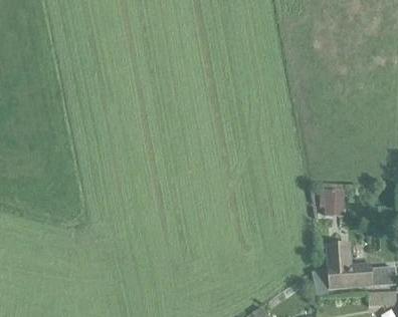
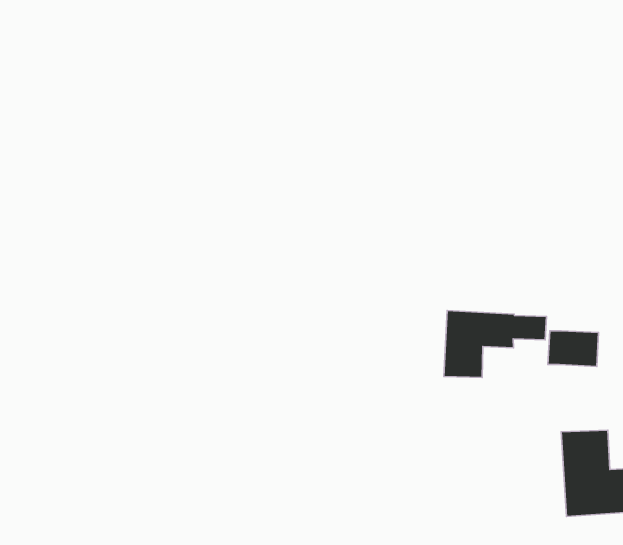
building: none -> [444,311,546,377]

